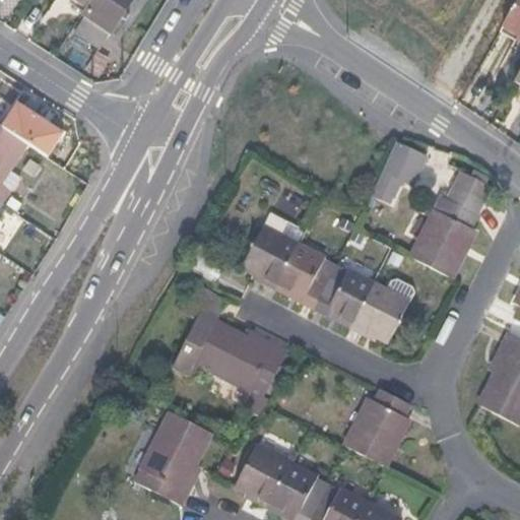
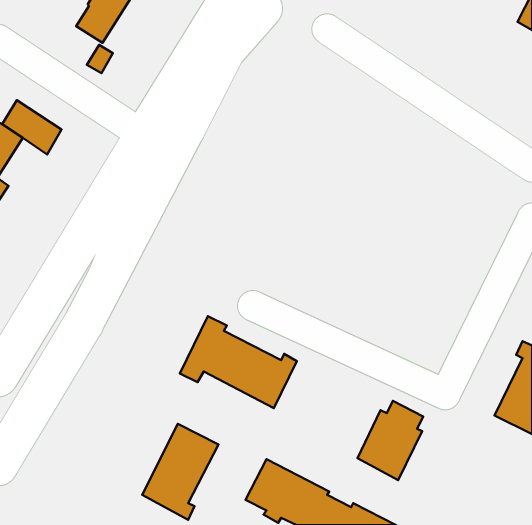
building: [371,136,425,195] -> none
building: [412,171,489,277] -> none
building: [244,213,407,341] -> none

